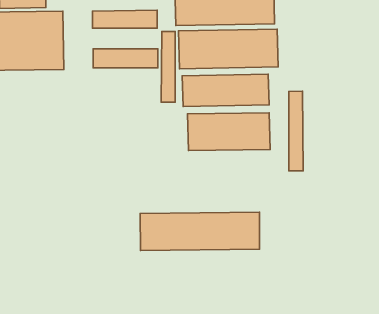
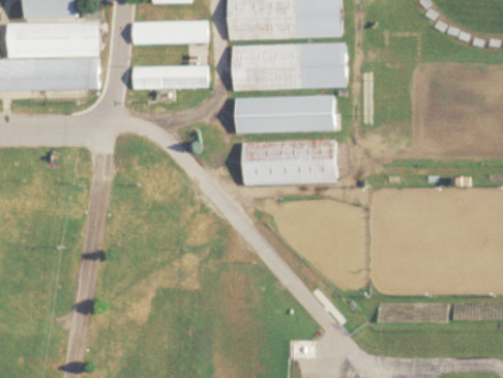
building: [161,32,175,102] -> none
building: [289,91,303,171] -> none
building: [140,212,260,251] -> none

